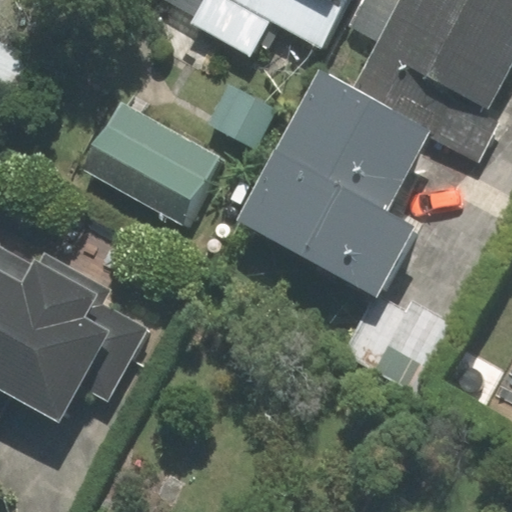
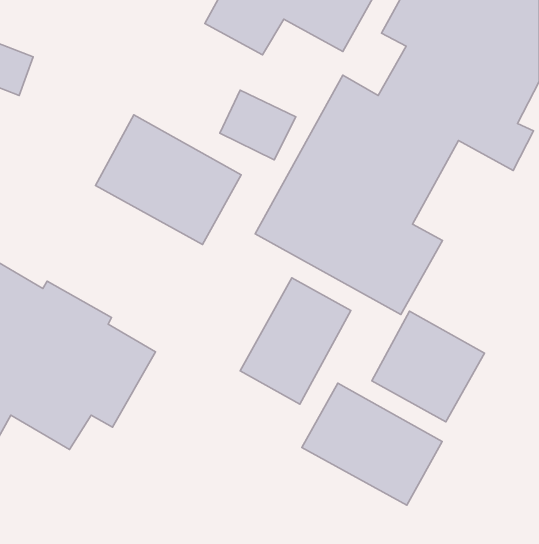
building: none -> [240,278,351,404]
building: none -> [302,383,442,505]

